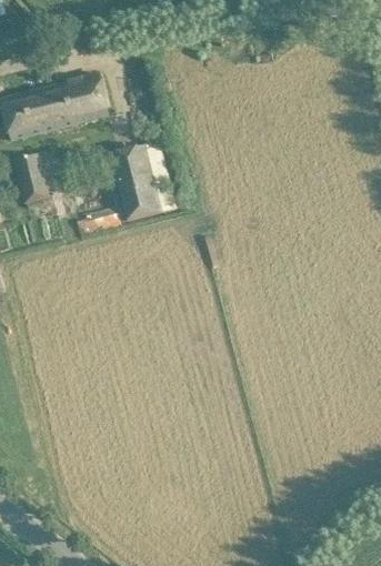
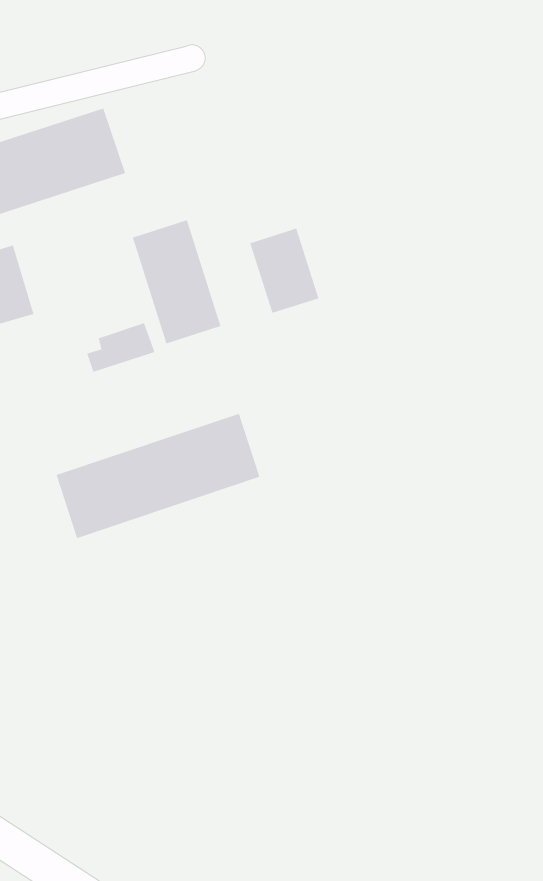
building: none -> [249,228,319,314]
building: none -> [56,413,260,539]

